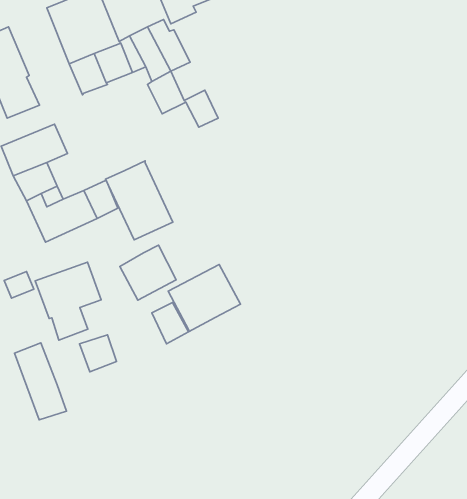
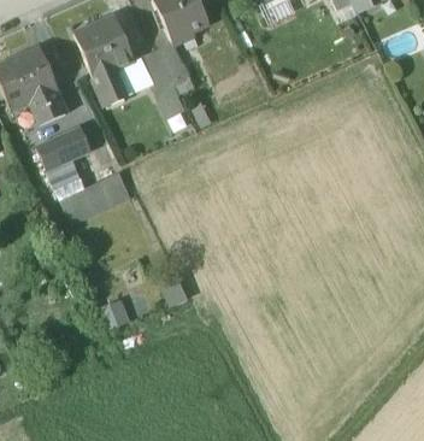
building: [106,161,173,240] -> none
building: [120,245,176,300] -> none
building: [35,262,101,340] -> none
building: [168,265,241,332] -> none
building: [15,343,67,420] -> none

